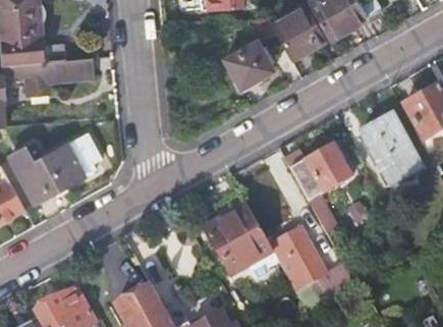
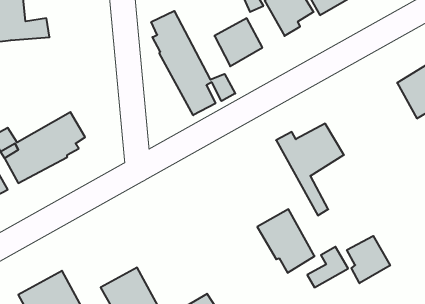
building: none -> [151,11,235,115]
building: [27,56,93,93] -> none
building: [363,112,423,181] -> none
building: [203,193,272,274] -> none
building: none -> [347,236,390,283]

